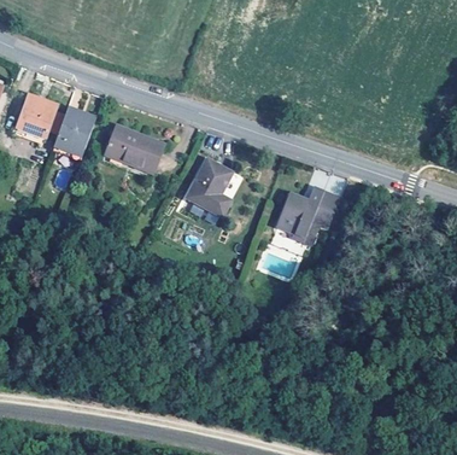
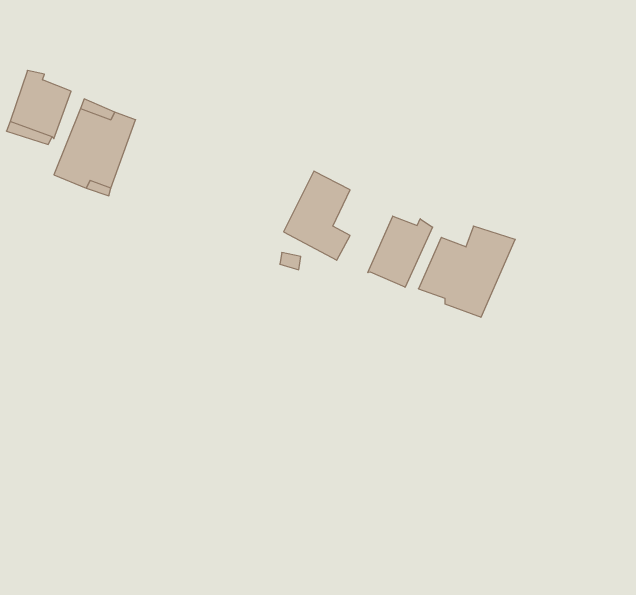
building: [106,122,165,169] -> none
building: none -> [368,216,433,287]

